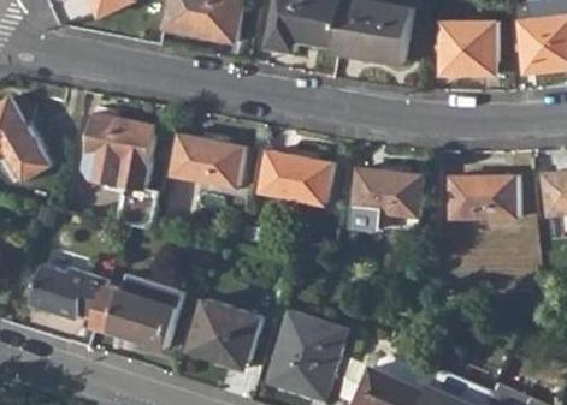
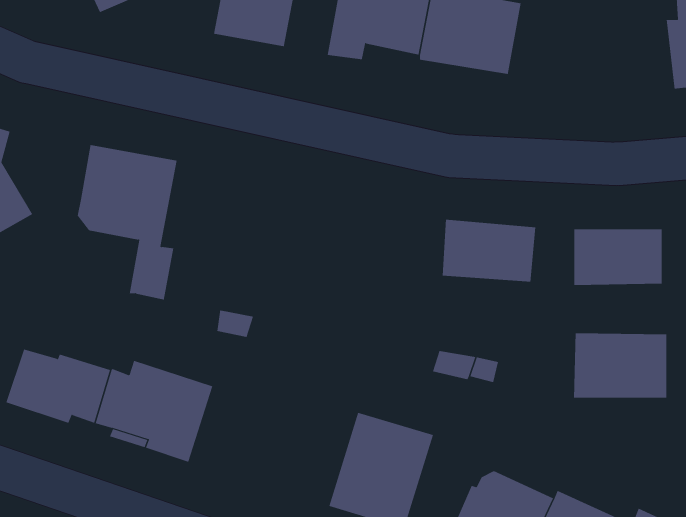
building: [439,23,494,75] -> none
building: [169,136,242,189] -> none
building: [258,153,330,204] -> none
building: none -> [573,332,667,399]
building: [188,299,261,369] -> none

